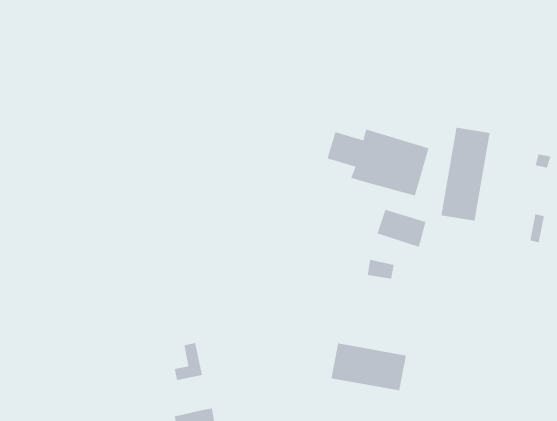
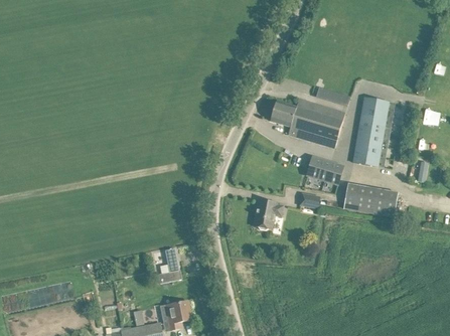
building: none -> [253,198,283,229]
building: [330,343,407,391] -> [342,182,398,217]

